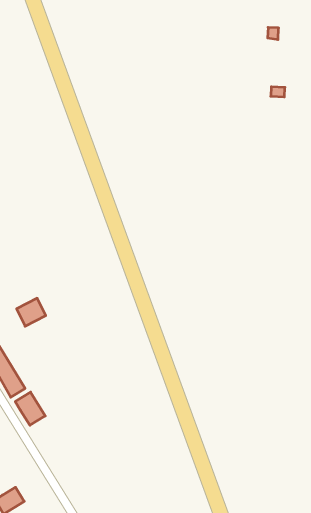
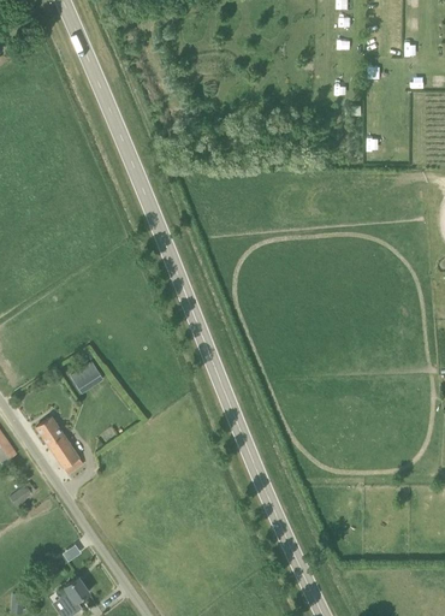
building: [15,392,45,425] -> none

